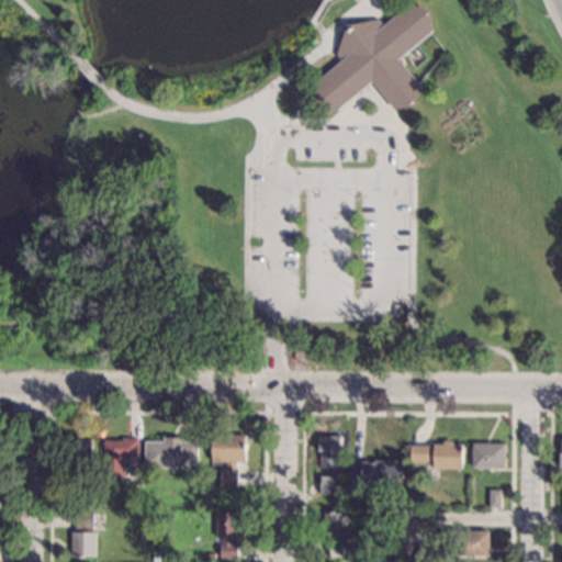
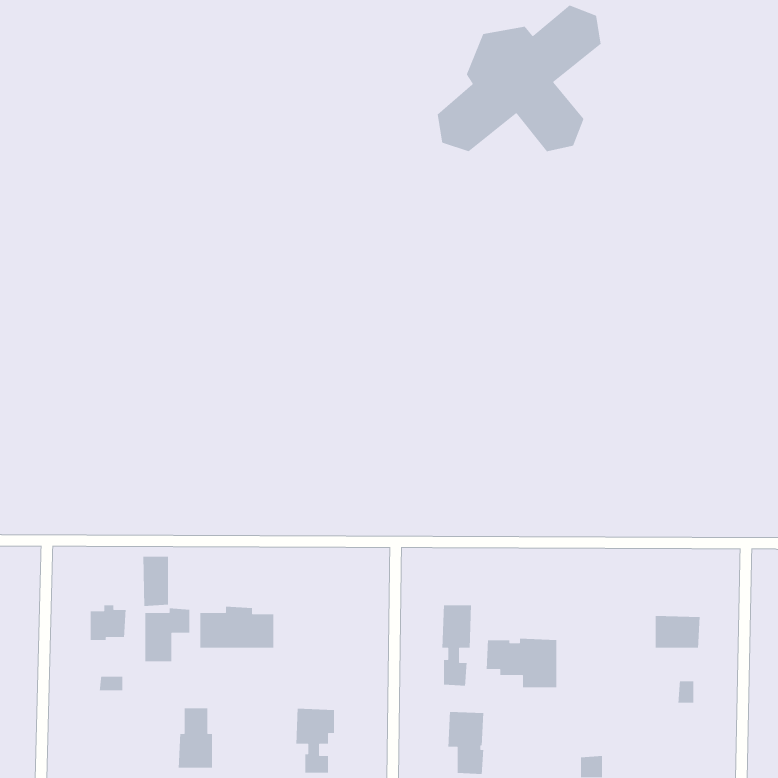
building: none -> [142,556,169,607]
building: [212,435,246,486] -> none
building: [411,441,464,470] -> none
building: [70,513,95,557] -> [178,707,213,768]
building: [459,531,488,555] -> none

